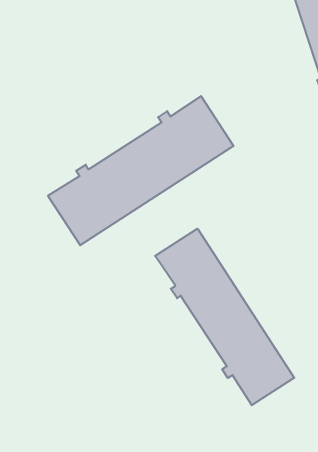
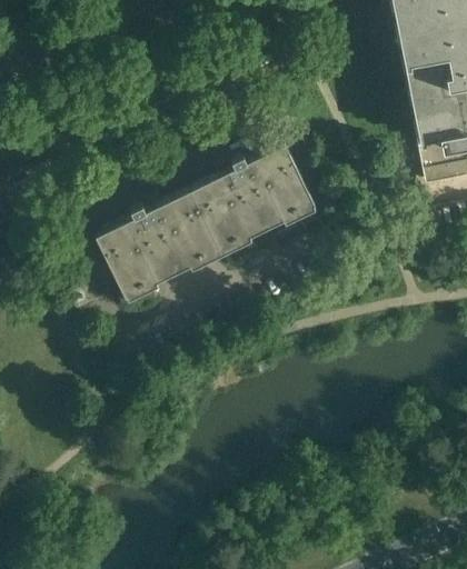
building: [155,229,294,405] -> none

